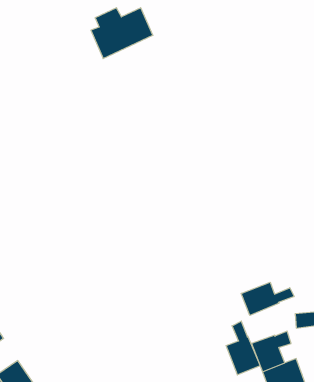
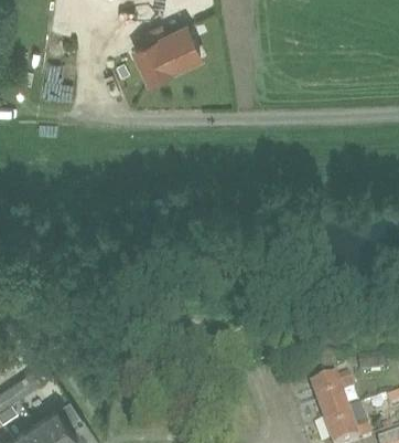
building: [241,282,294,315] -> none
building: [226,321,260,375] -> none

